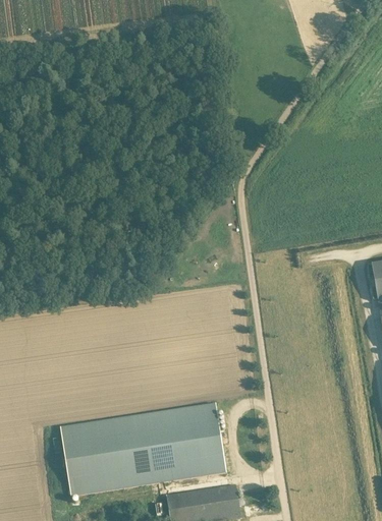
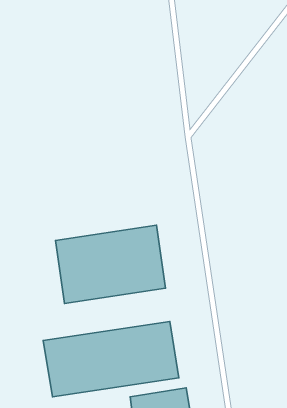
building: none -> [56,225,165,303]

